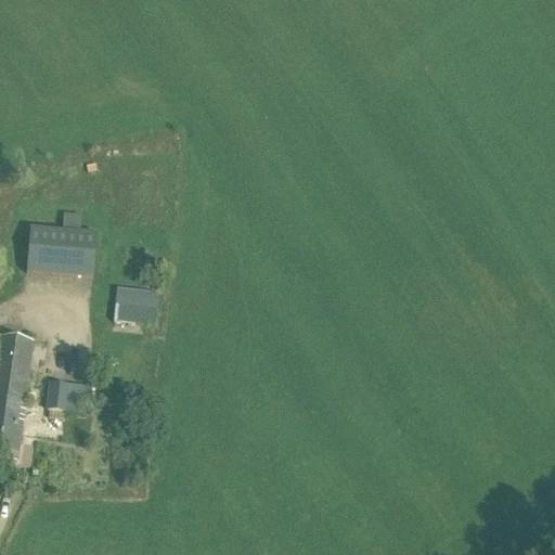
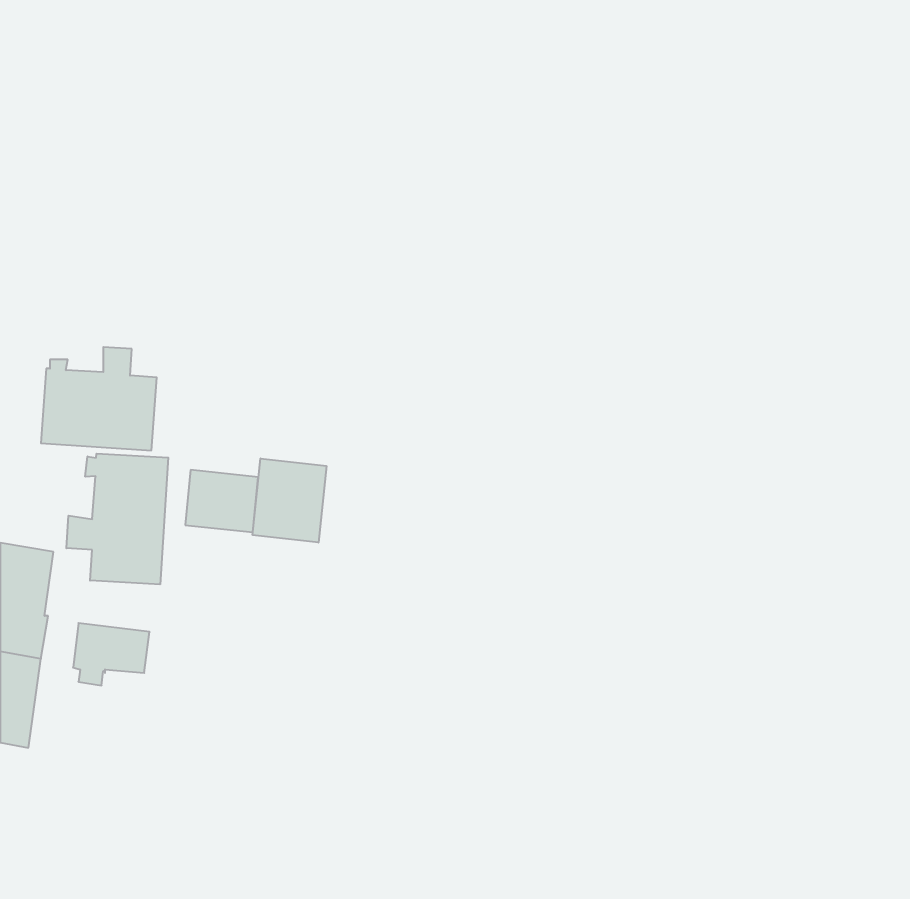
building: none -> [66,454,168,584]
building: none -> [253,458,326,543]

